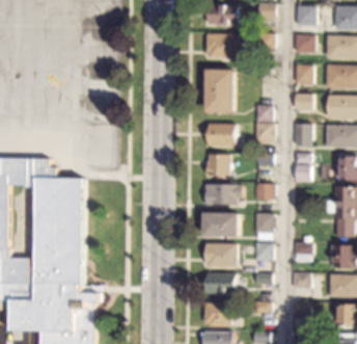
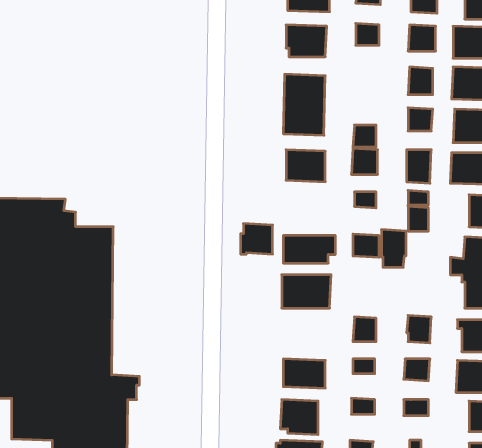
building: [207,154,229,176] -> [241,224,273,254]
building: [255,213,273,240] -> [381,230,406,267]
building: [205,243,237,267] -> none

